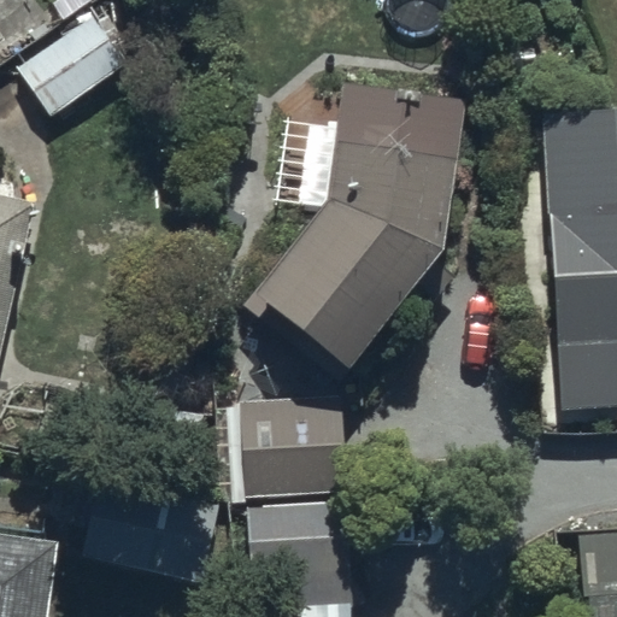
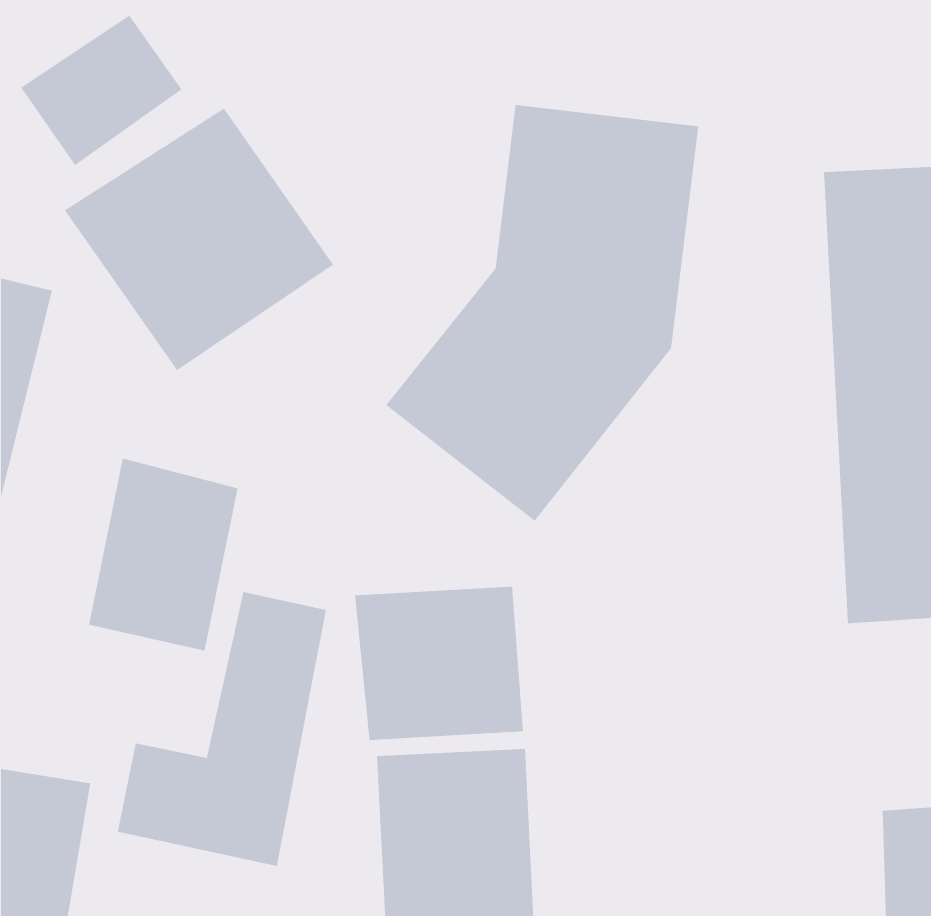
building: none -> [64,107,334,371]
building: none -> [88,458,238,651]

